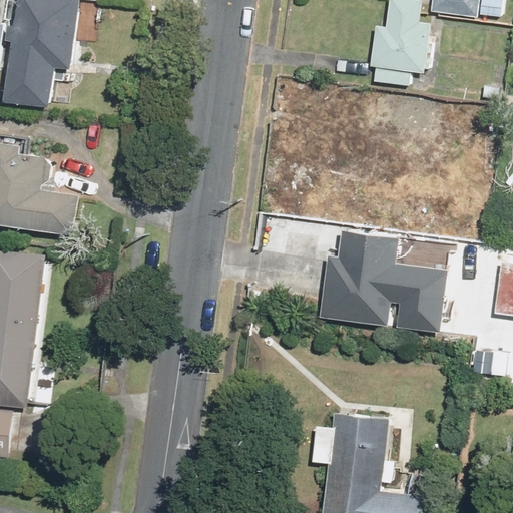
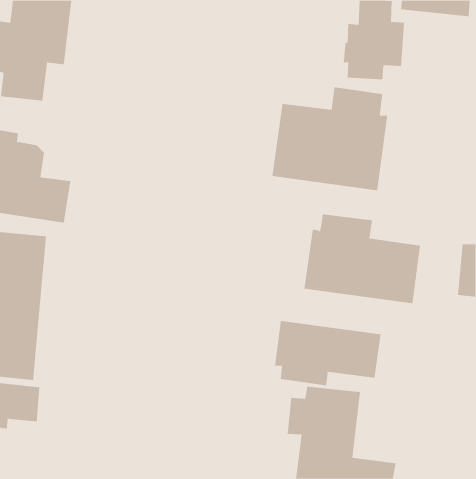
building: none -> [272,86,388,191]
building: none -> [274,320,381,386]

